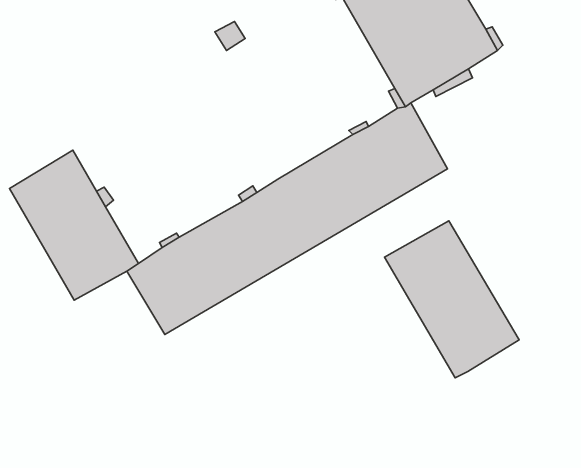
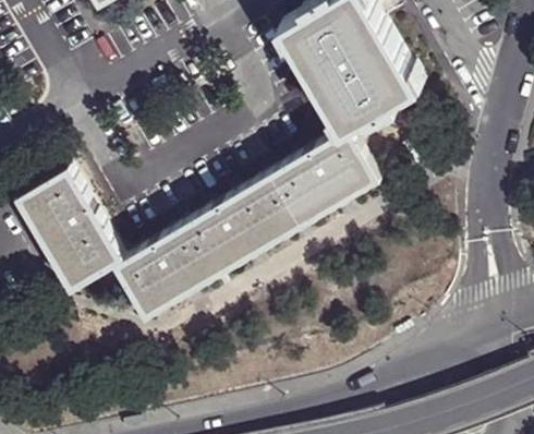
building: [384,221,519,378] -> none

